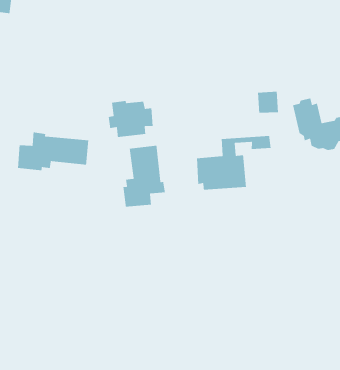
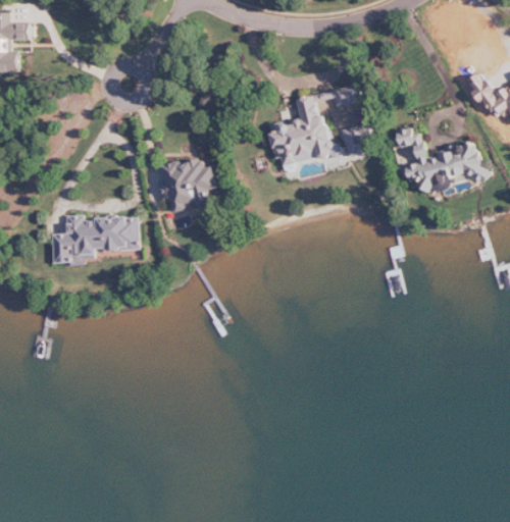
building: [196,135,271,191] -> [267,86,360,166]
building: [123,145,166,208] -> none

